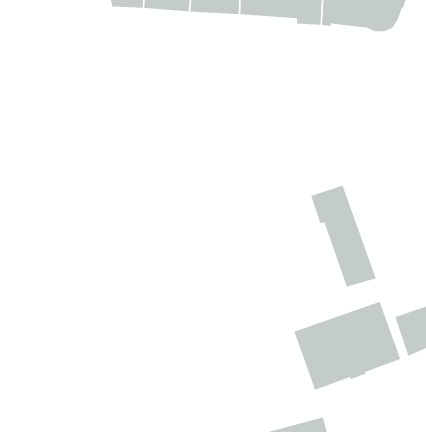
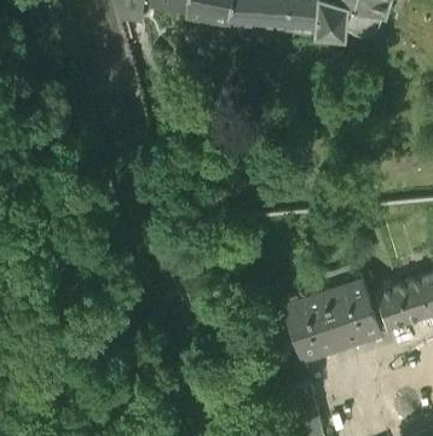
building: [311,185,376,287] -> none

